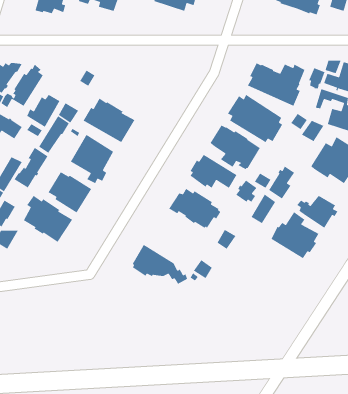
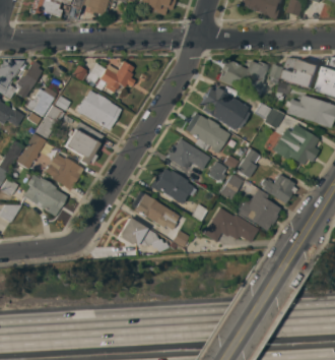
building: none -> [86,60,135,93]
building: none -> [133,193,180,230]
building: none -> [204,207,259,242]

